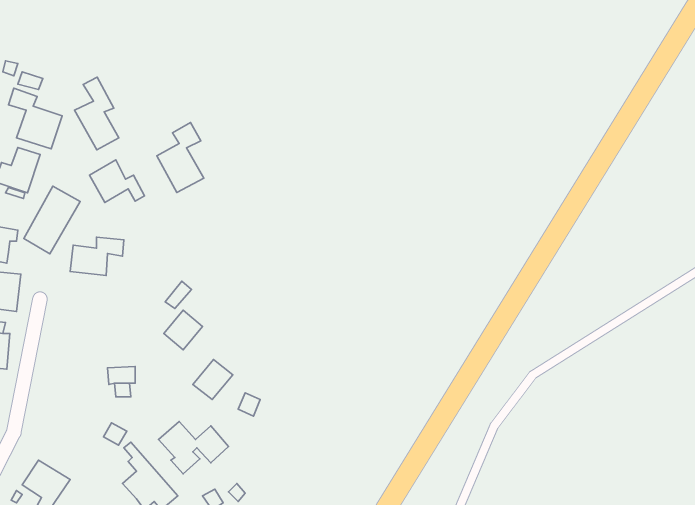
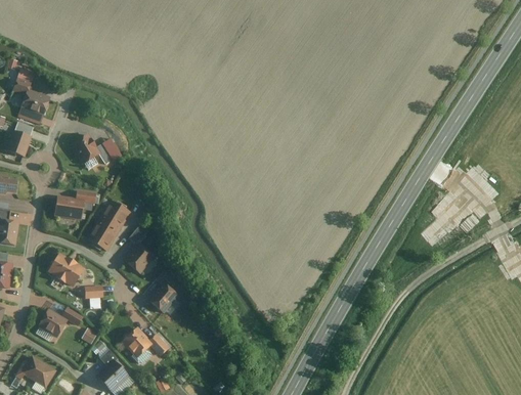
building: [74,77,119,150] -> none
building: [157,122,204,193] -> none
building: [24,186,80,254] -> [86,199,128,249]
building: none -> [45,251,84,288]
building: none -> [35,306,82,342]

